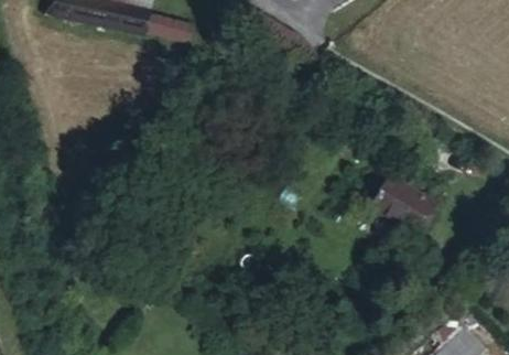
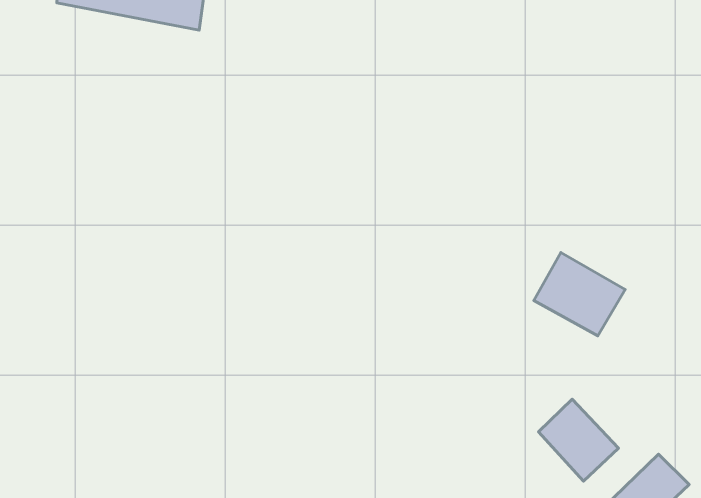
building: none -> [539,399,619,481]

